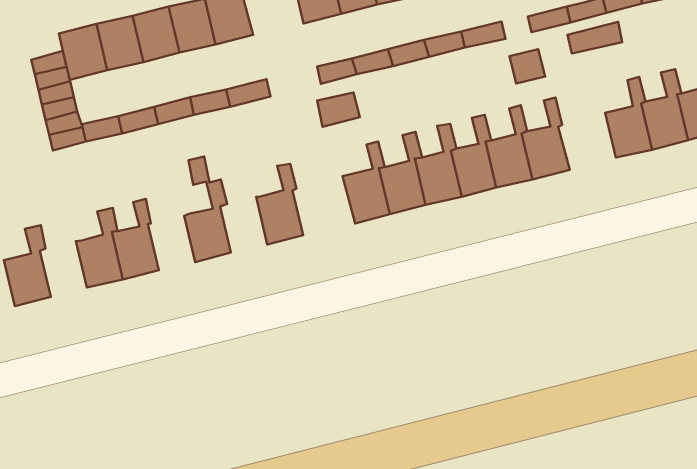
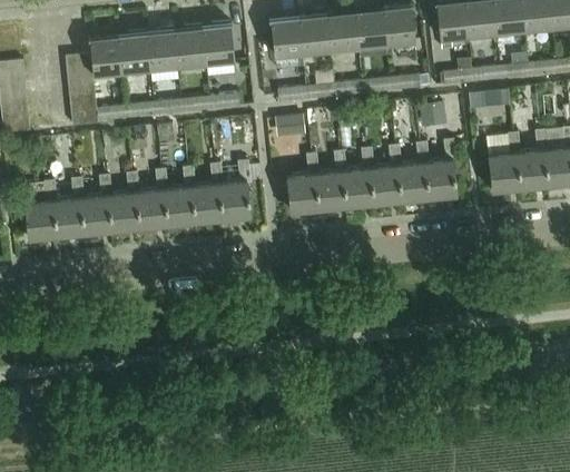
building: none -> [191,164,223,222]
building: none -> [136,169,168,227]
building: none -> [52,178,85,236]

